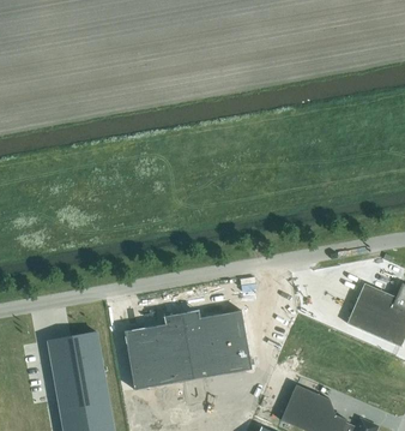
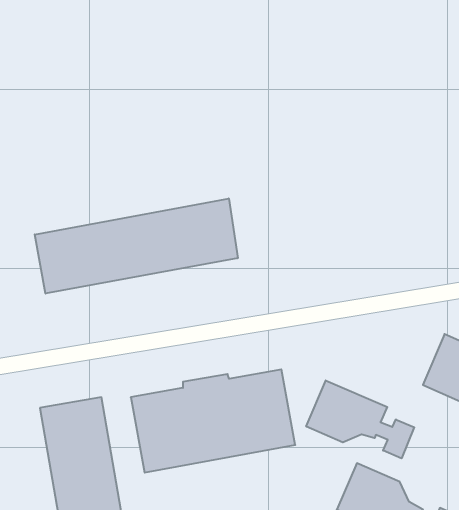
building: none -> [35,198,238,294]
building: none -> [306,380,414,458]

